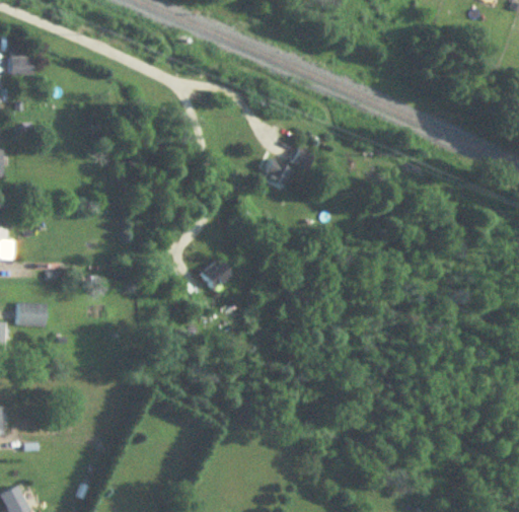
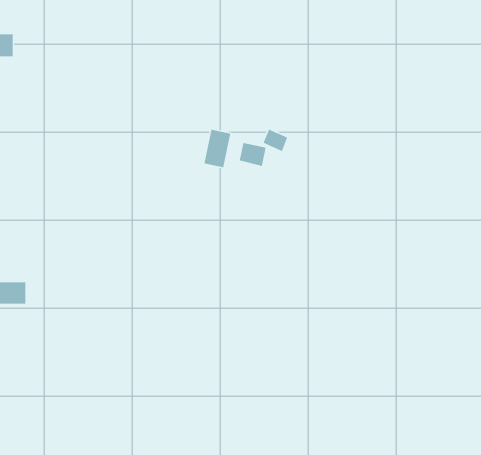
building: none -> [203,129,231,168]
building: [199,257,235,292] -> none

